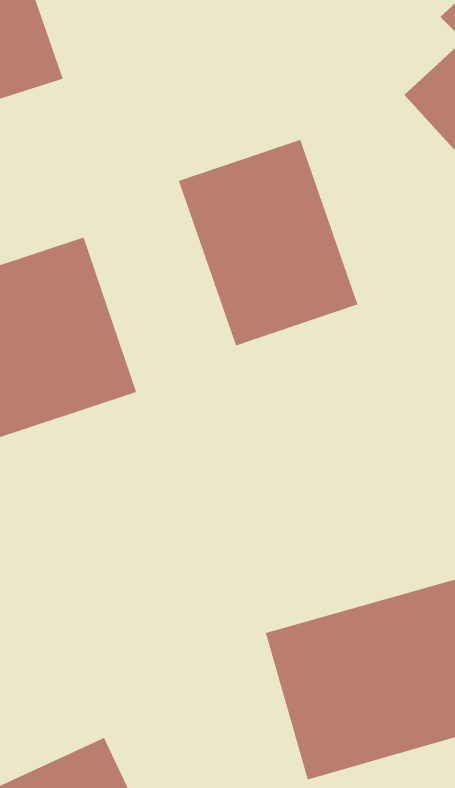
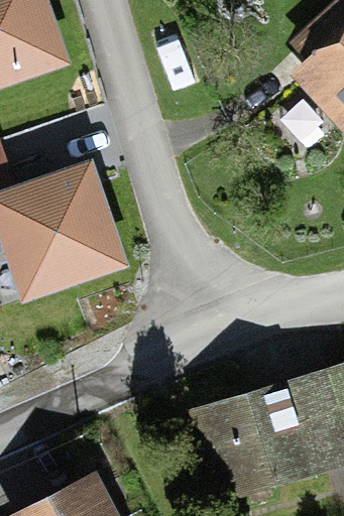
building: [178,139,358,347] -> none

